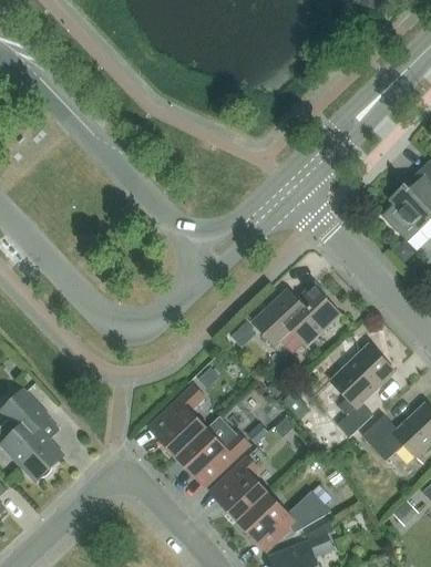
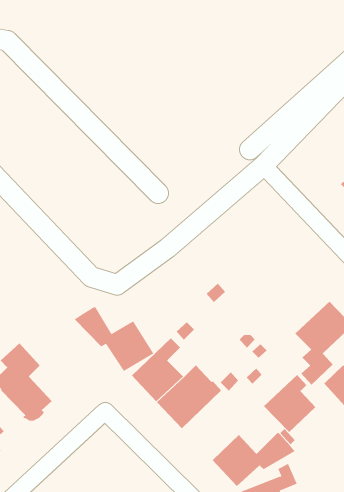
building: [253,286,343,353] -> none
building: none -> [74,307,154,372]
building: [209,455,268,520] -> [263,374,316,433]

